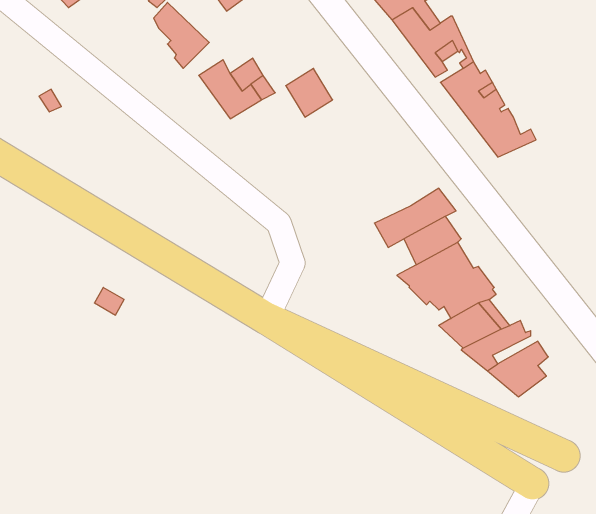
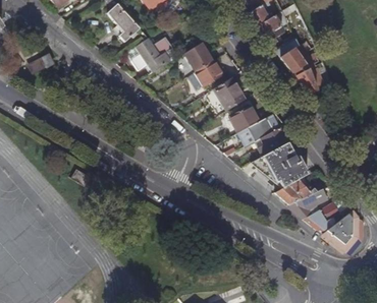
building: none -> [194,59,223,86]
building: none -> [213,77,245,111]
building: none -> [227,105,258,132]
building: none -> [321,210,356,251]

